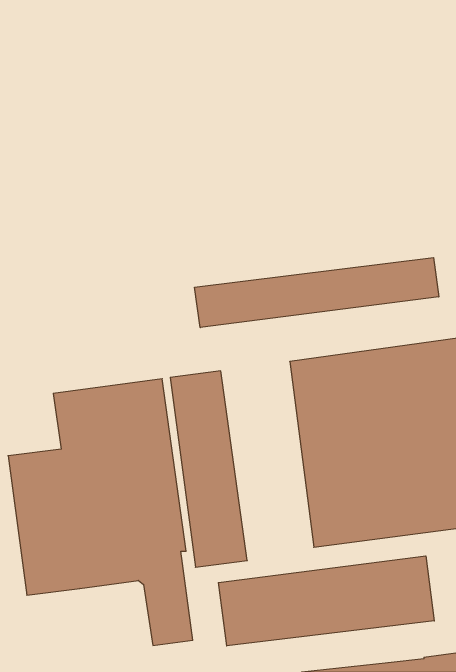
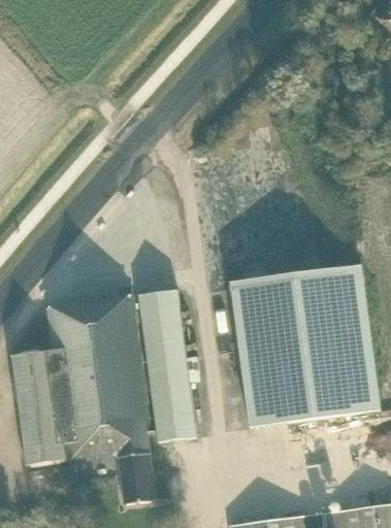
building: [195,258,439,328] -> none
building: [218,556,434,646] -> none

